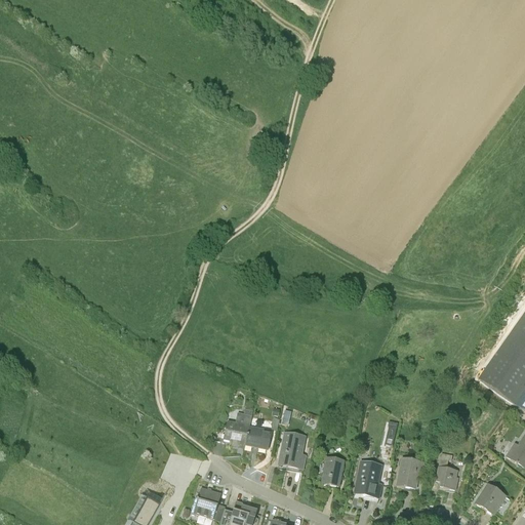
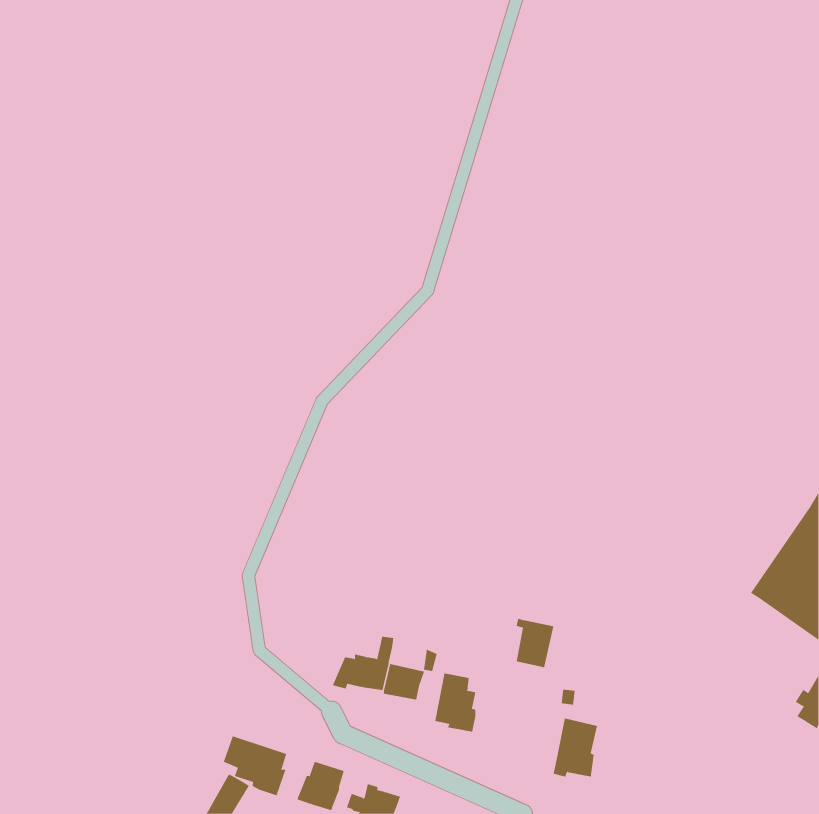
building: [436,452,457,489] -> none
building: [321,454,346,486] -> [516,618,554,668]
building: [396,456,423,488] -> none
building: none -> [223,735,287,796]
building: [475,484,506,514] -> none

